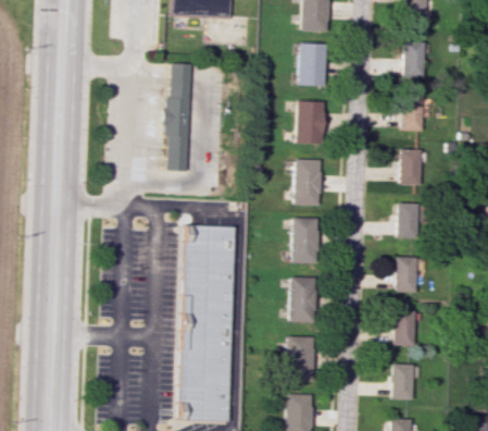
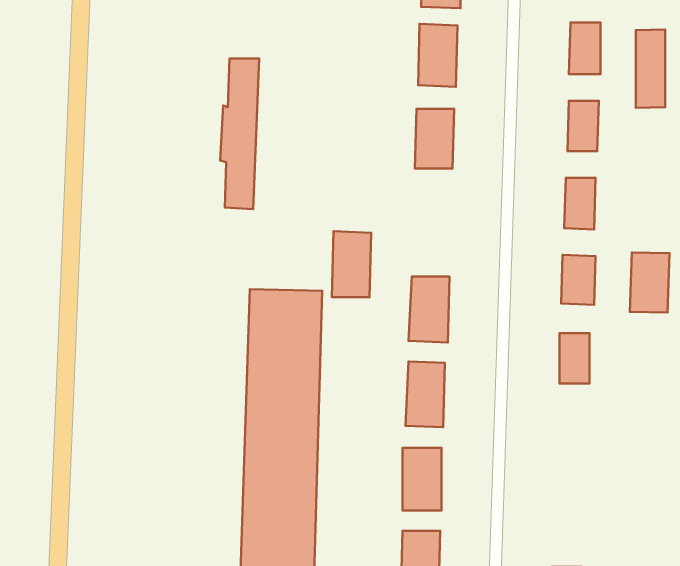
building: none -> [636,29,665,108]
building: [295,159,322,205] -> [332,231,371,297]
building: none -> [630,253,669,312]
building: [395,310,416,345] -> none
building: [392,364,414,399] -> none

